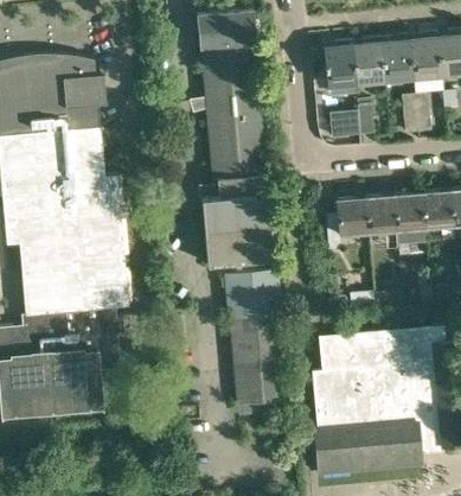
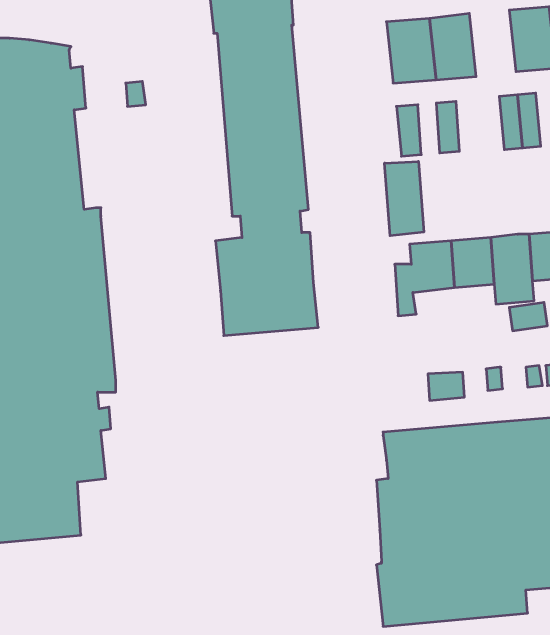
building: [380,34,414,82] -> none
building: none -> [385,161,424,236]
building: [225,271,290,406] -> none

